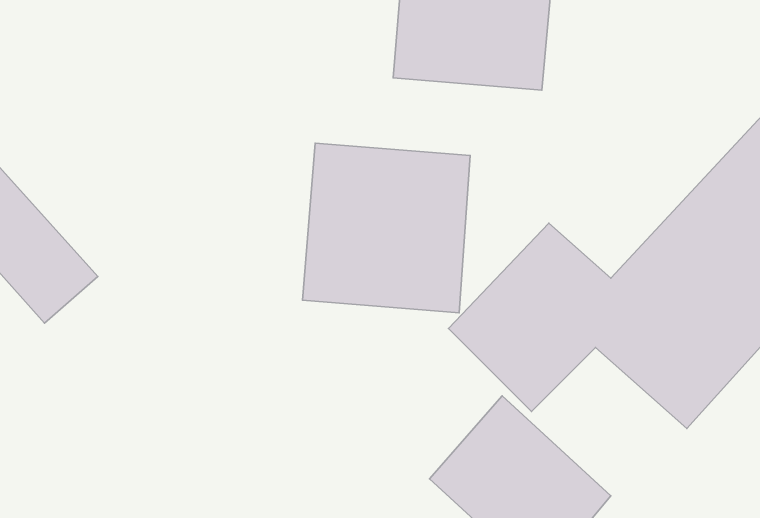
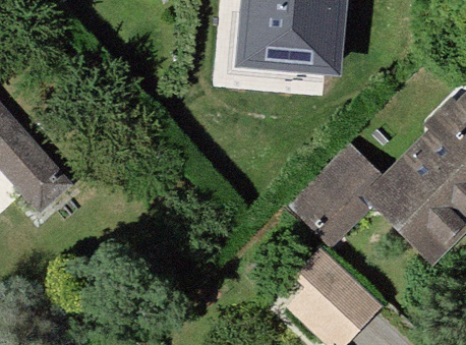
building: [303,143,470,313] -> none

